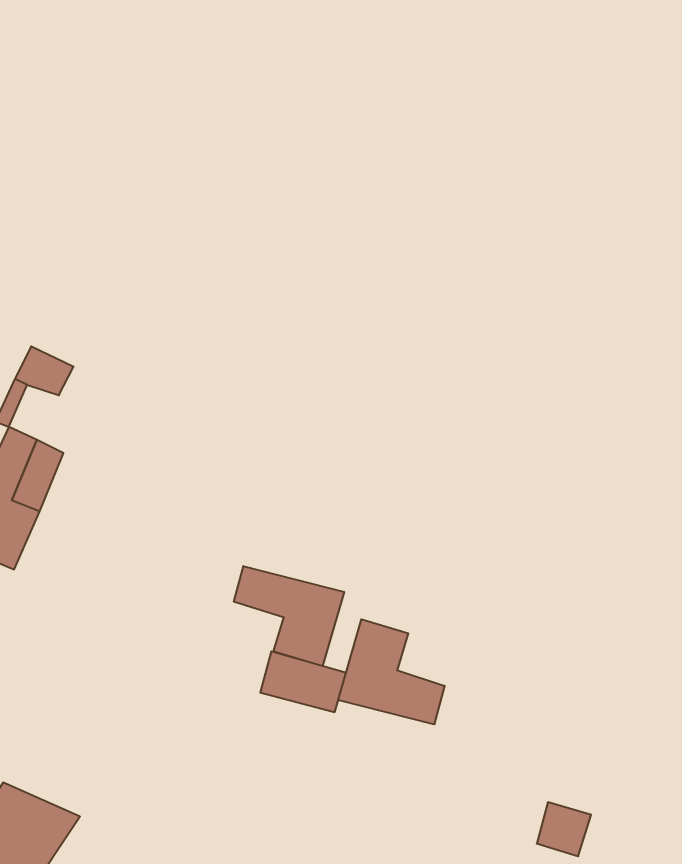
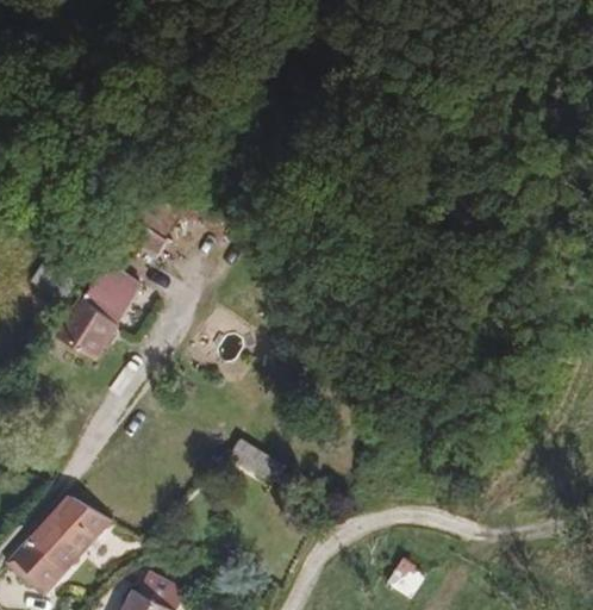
building: [234,566,344,666] -> none
building: [338,619,445,724] -> none

